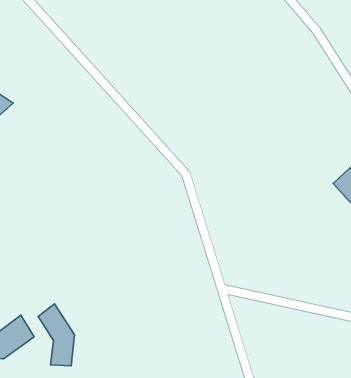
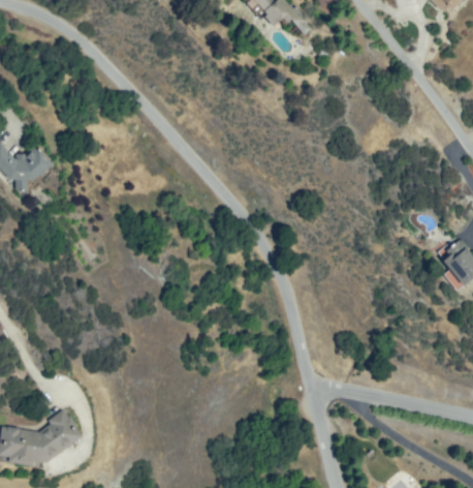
building: [38,304,75,366] -> none

